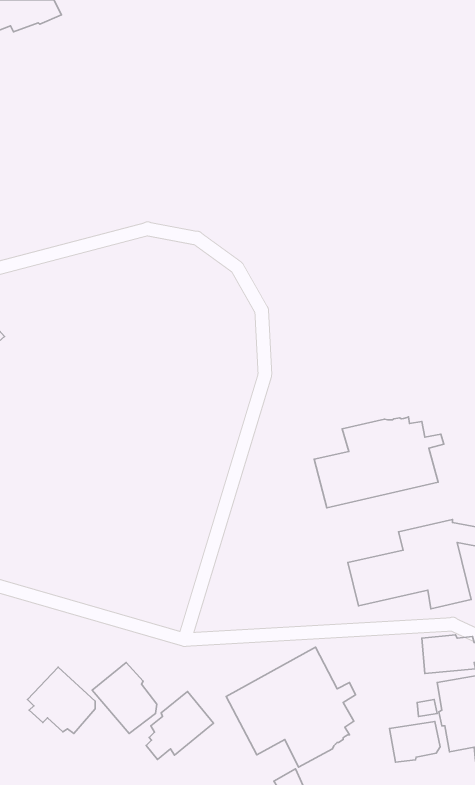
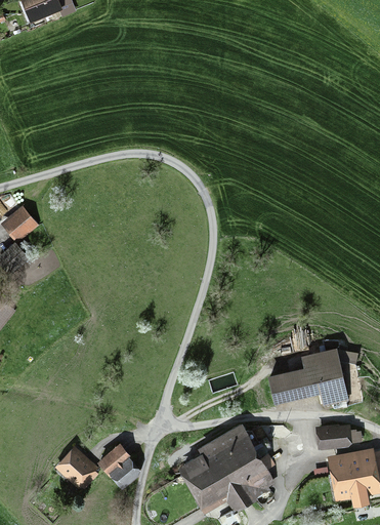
building: [314,417,444,508] -> none
building: [146,691,214,760] -> none
building: [390,722,440,762] -> none

